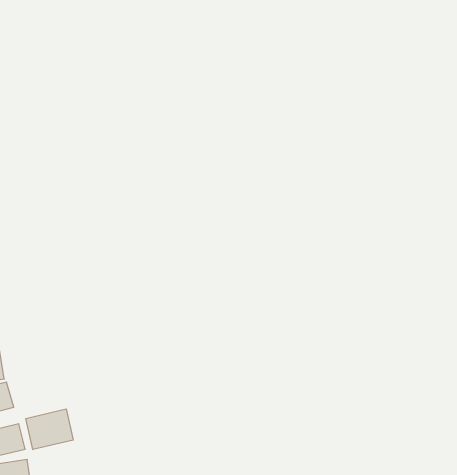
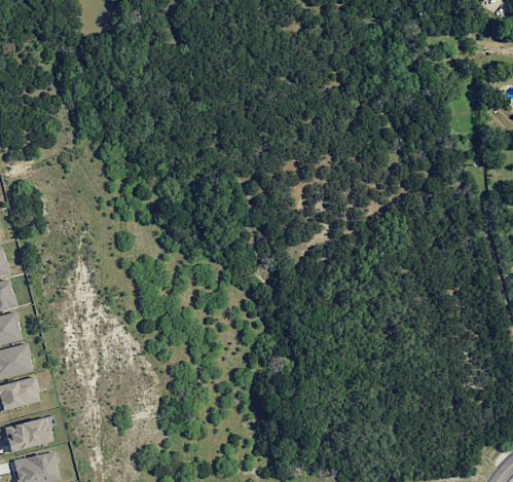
building: [26,409,73,450] -> none

